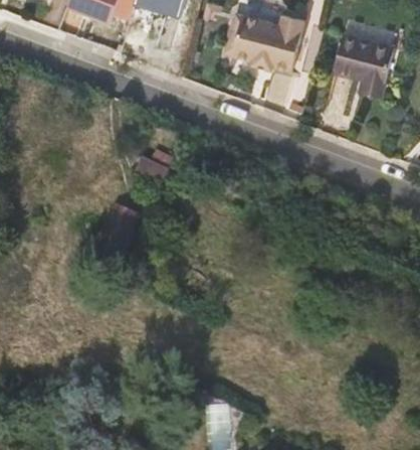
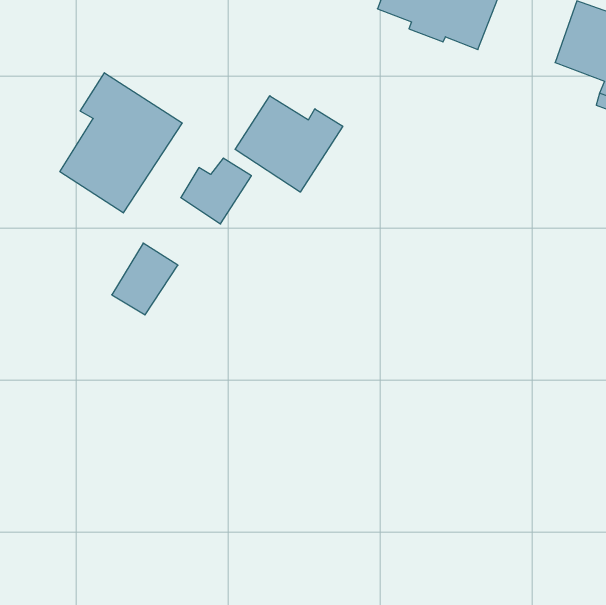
building: none -> [60,73,182,213]
building: none -> [235,96,343,192]

